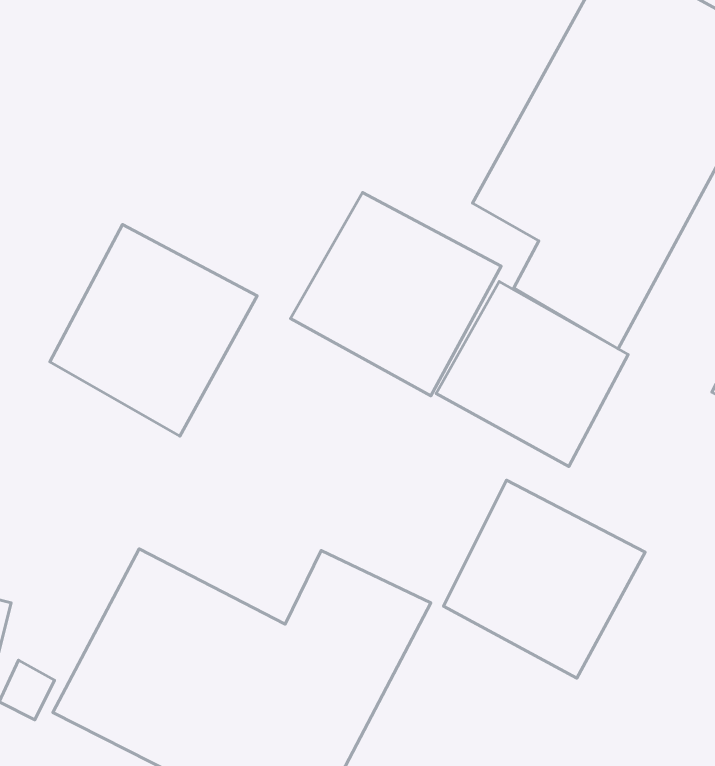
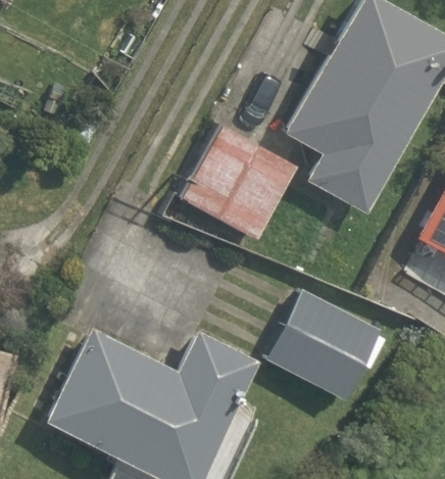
building: [50,225,257,436] -> none
building: [436,281,628,467] -> none

